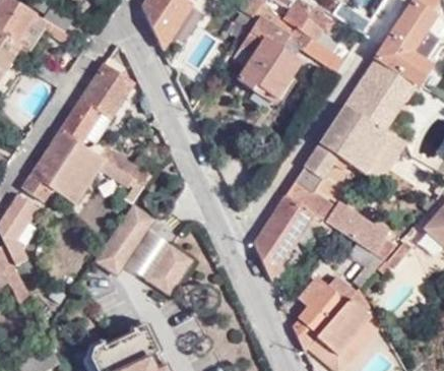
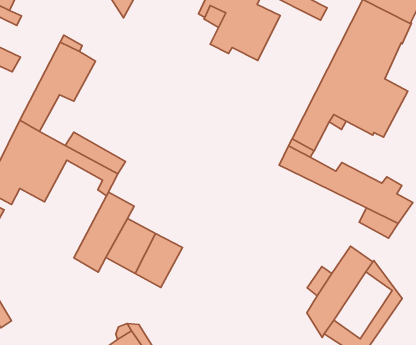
building: [254,195,316,281] -> none
building: [318,299,373,358] -> none

